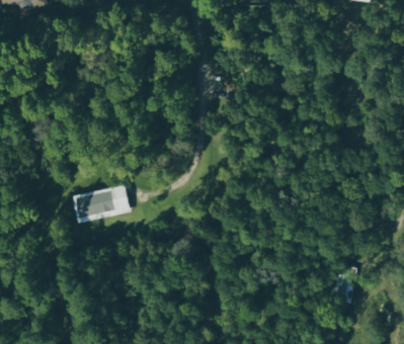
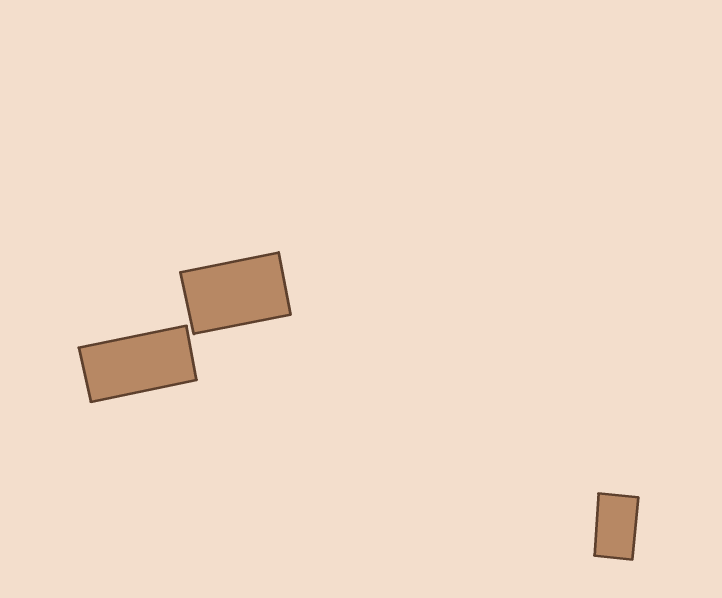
building: none -> [180,252,290,334]

